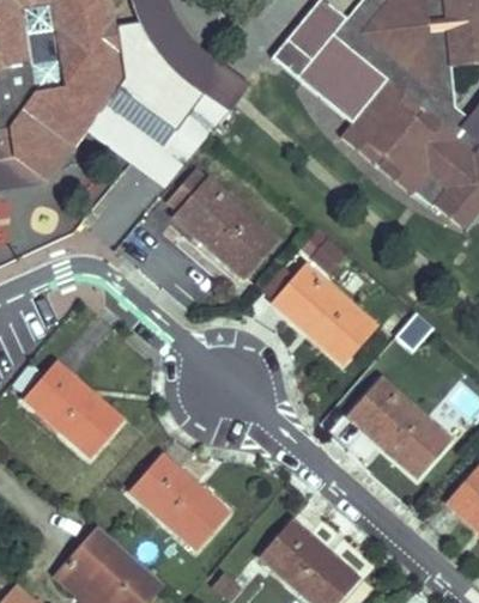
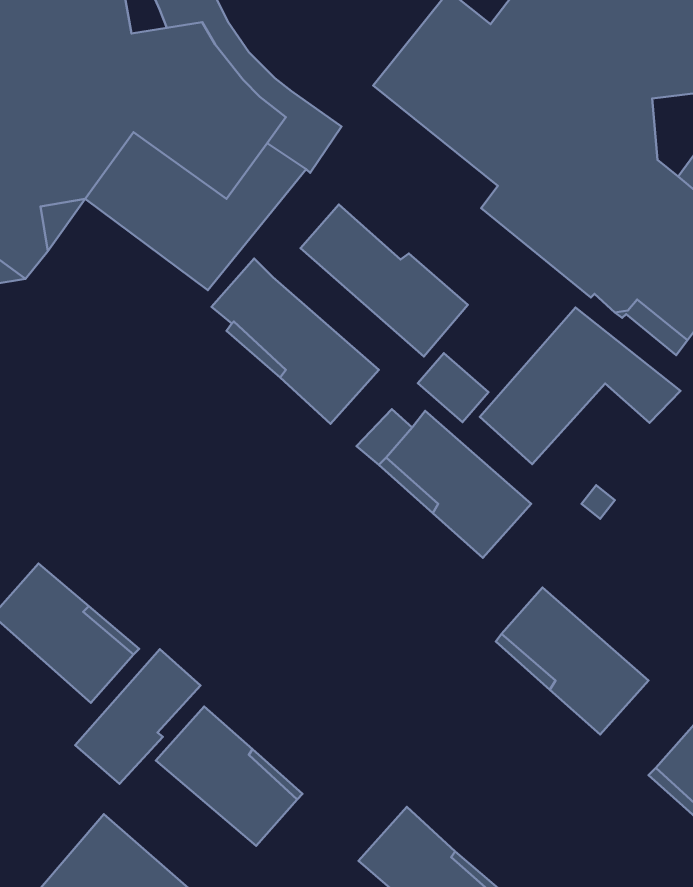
building: none -> [301,205,468,356]
building: none -> [480,308,680,464]
building: none -> [75,649,201,784]

